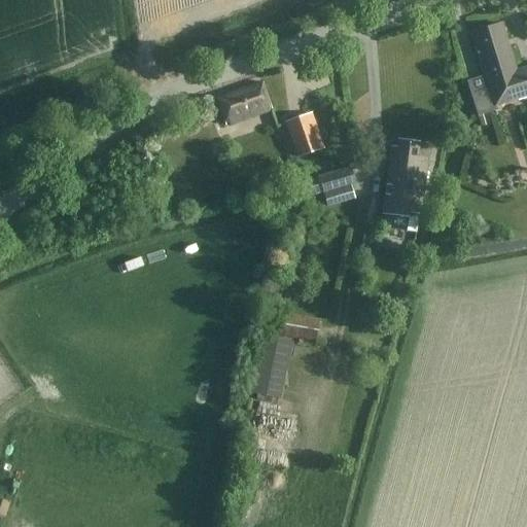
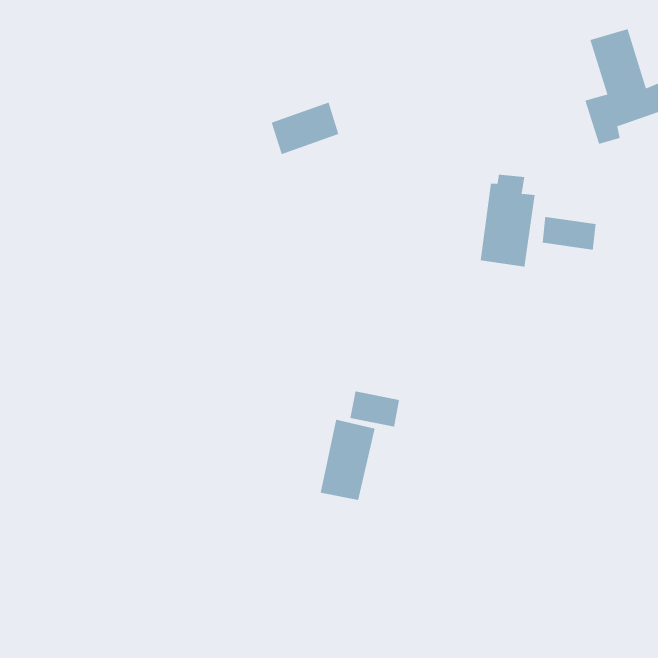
building: [285,111,324,155] -> none
building: [319,167,356,206] -> none
building: none -> [542,216,596,250]

